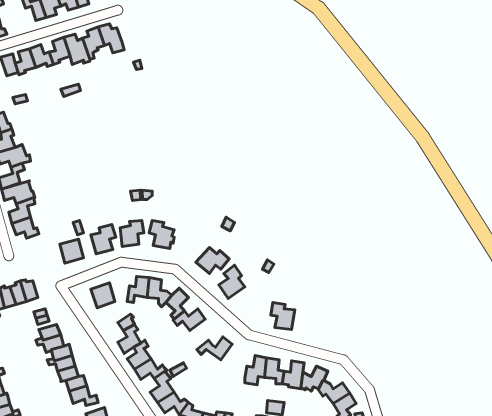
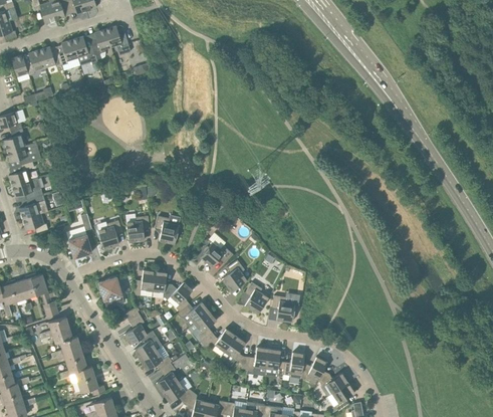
building: none -> [244,282,268,314]
building: none -> [193,311,217,342]
building: none -> [224,336,249,369]

